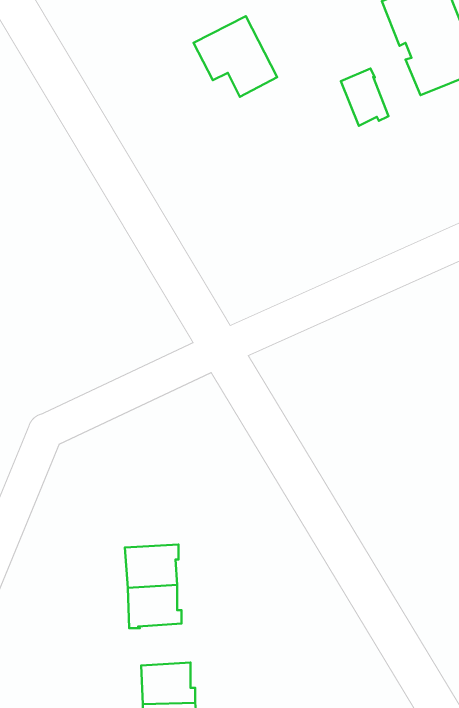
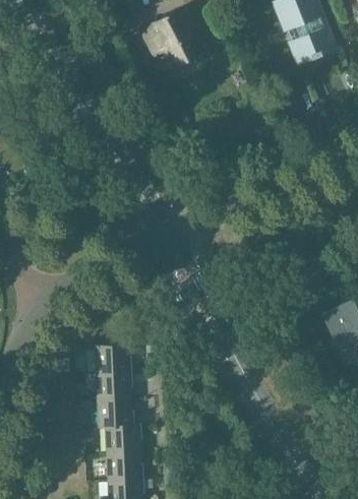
building: [341,68,388,126] -> none
building: none -> [95,345,132,374]
building: none -> [105,425,141,454]

